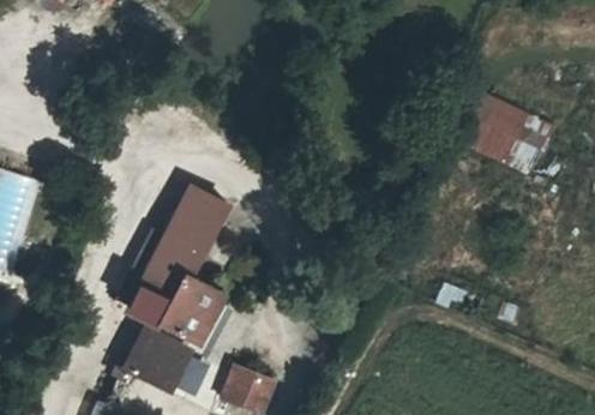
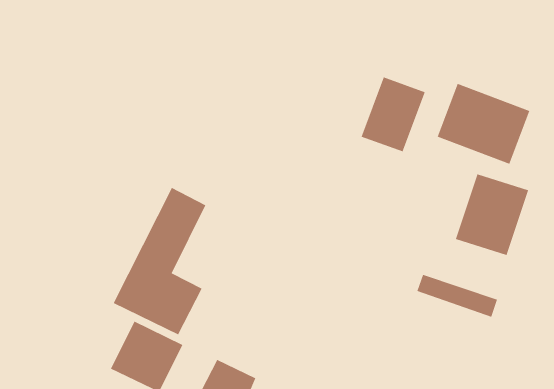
building: none -> [361,77,426,152]
building: none -> [455,173,529,256]

